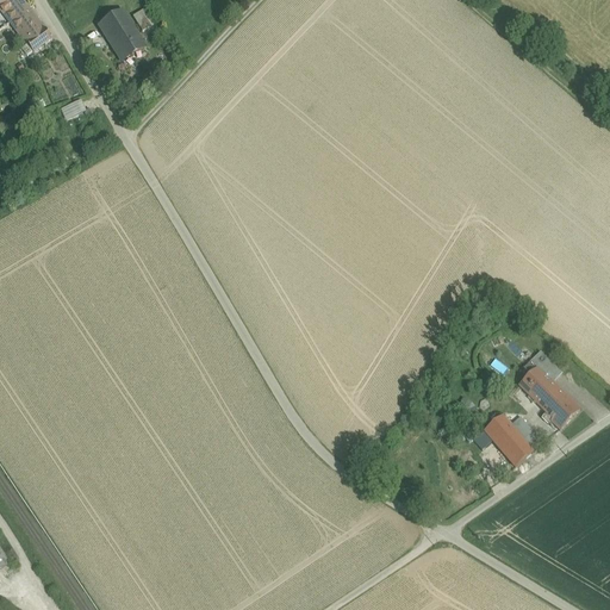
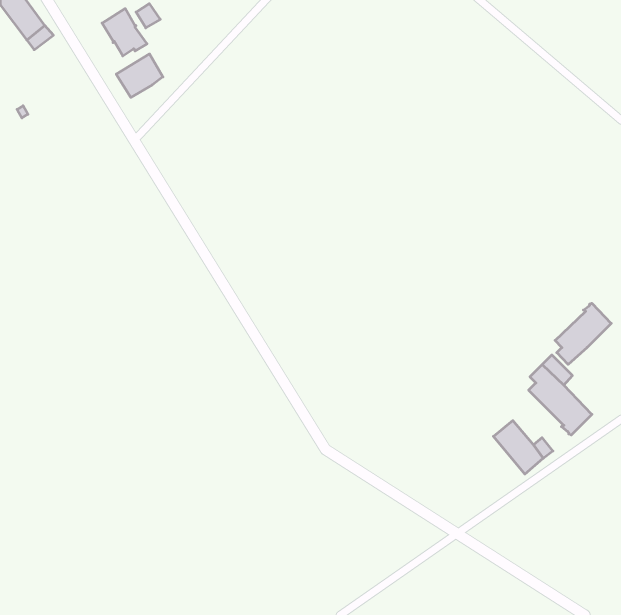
building: none -> [116,54,163,97]
building: none -> [555,303,611,364]

